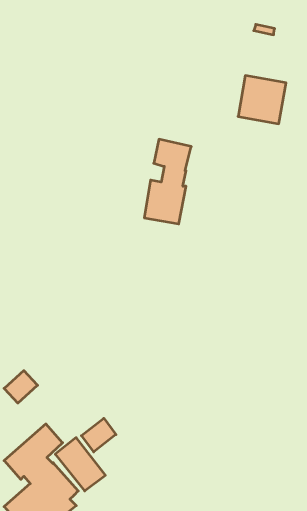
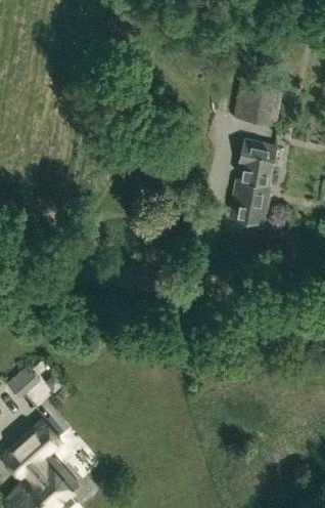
building: [144,139,191,224] -> [229,141,275,224]
building: [81,418,116,452] -> none

